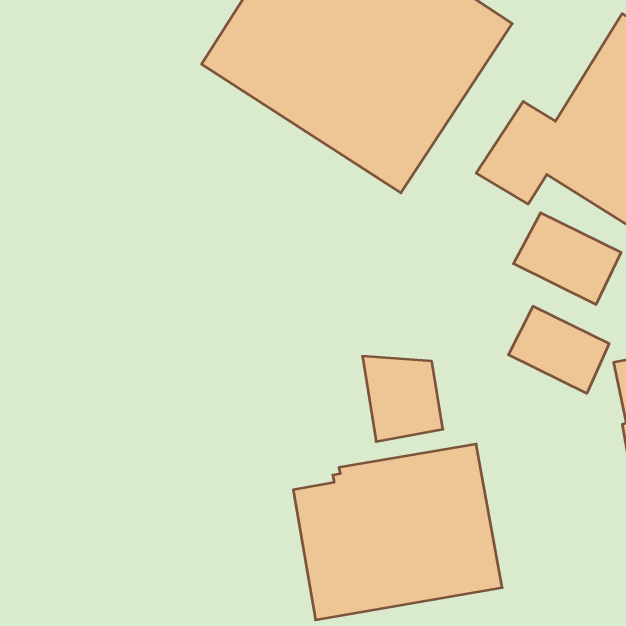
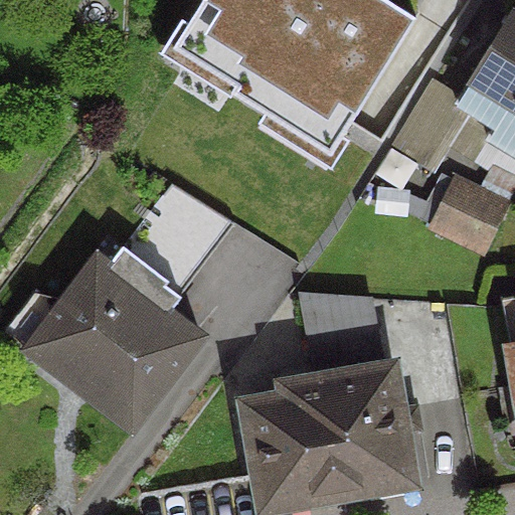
building: [508,306,609,393] -> none
building: none -> [30,255,197,419]

